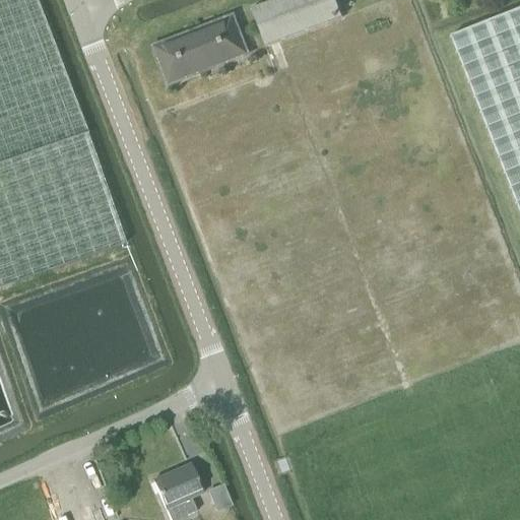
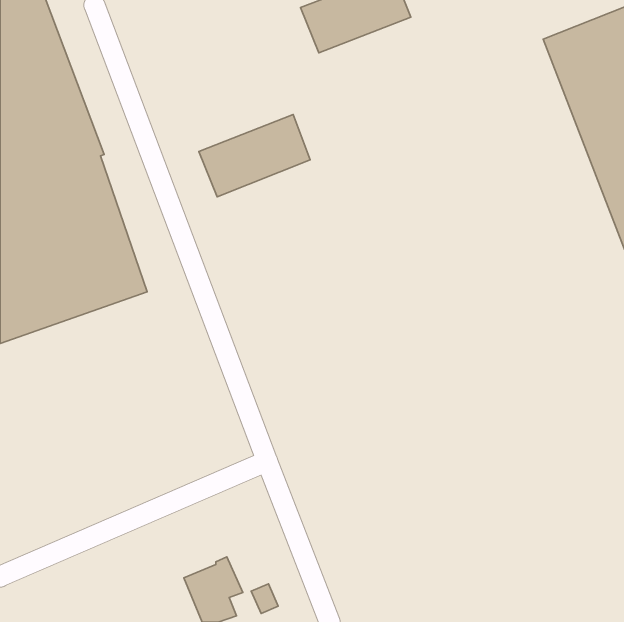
building: [154,13,247,81] -> [199,115,310,197]

